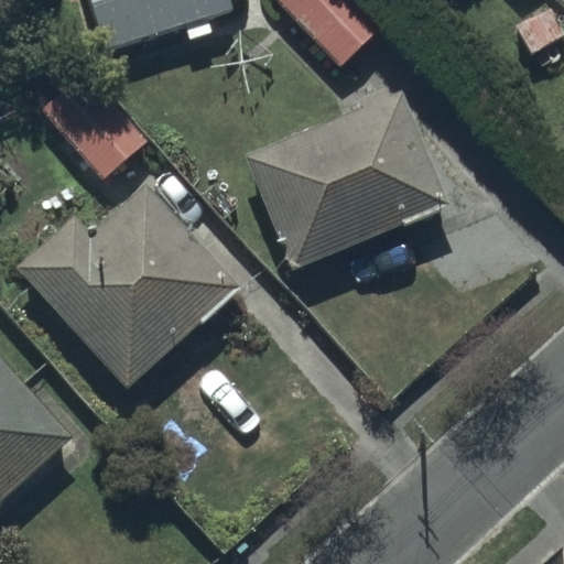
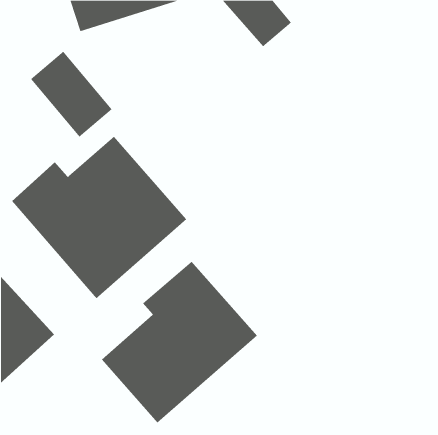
building: [241,83,447,269] -> none
building: none -> [101,261,258,424]

